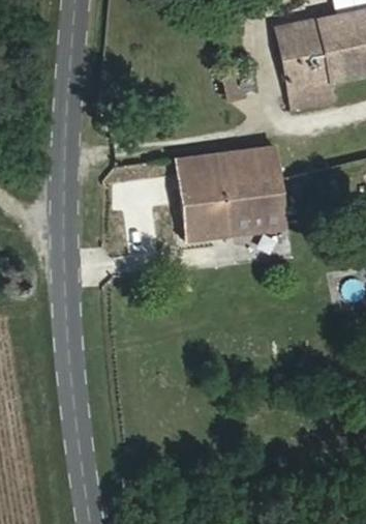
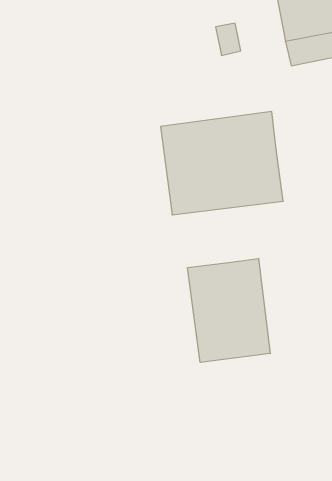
building: none -> [188,258,270,362]

